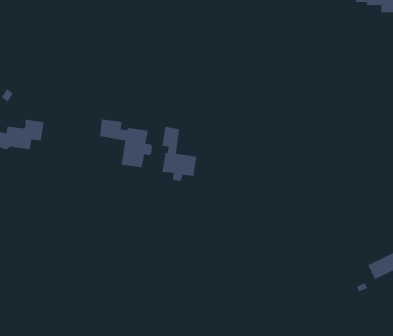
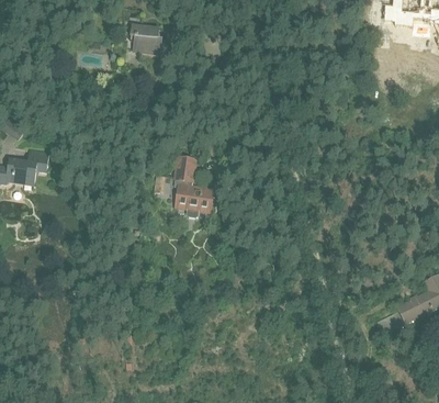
building: none -> [130,25,161,55]
building: [99,118,153,168] -> none

